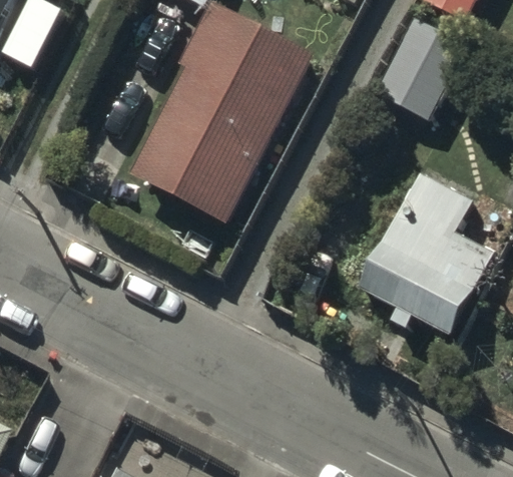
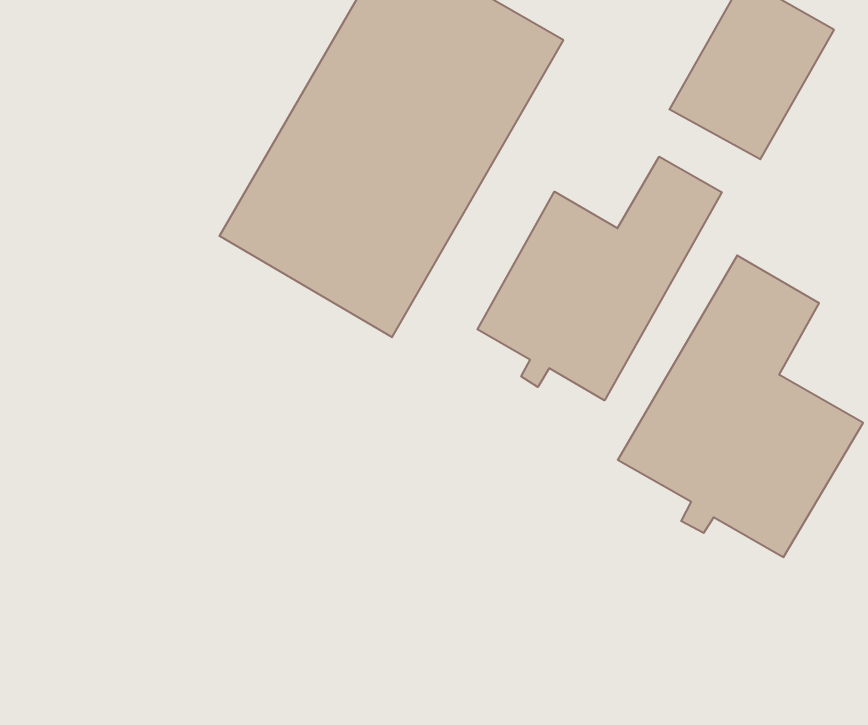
building: none -> [477,157,722,400]

